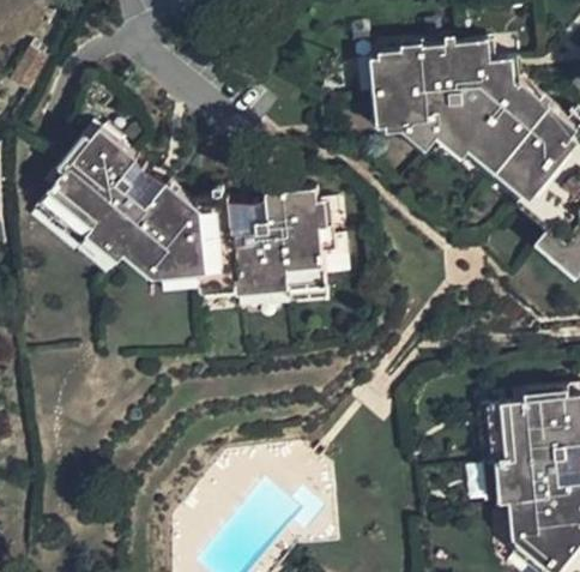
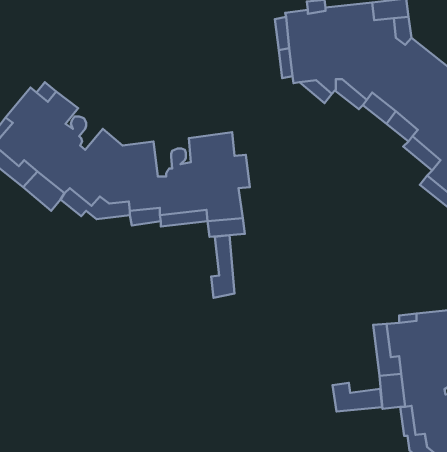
building: none -> [211,235,235,298]
building: none -> [332,383,382,411]

